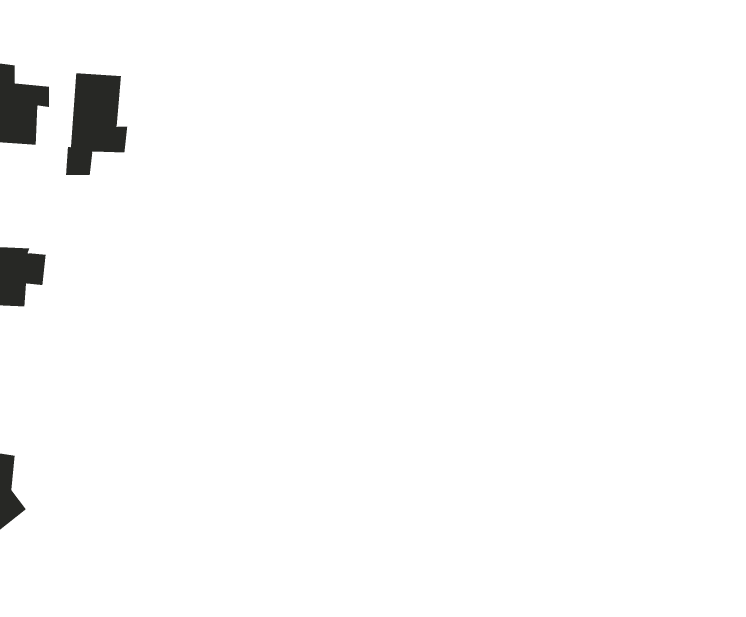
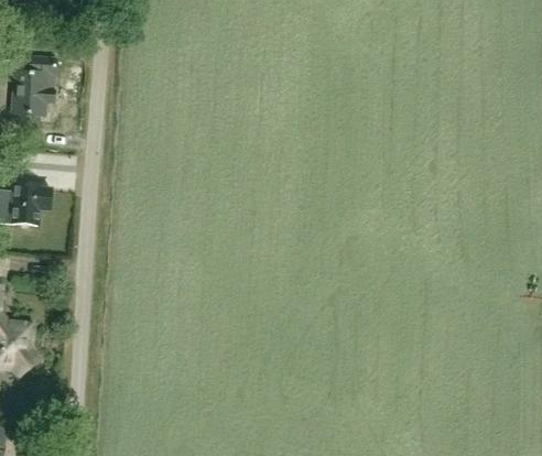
building: [66,72,128,176] -> none

